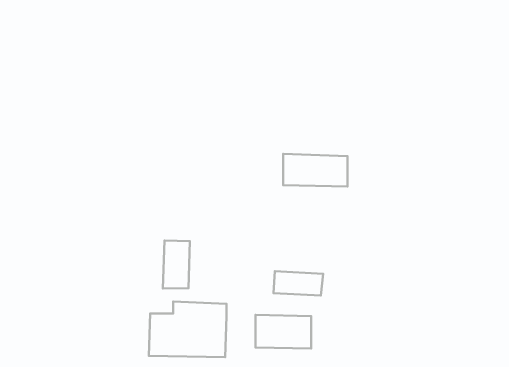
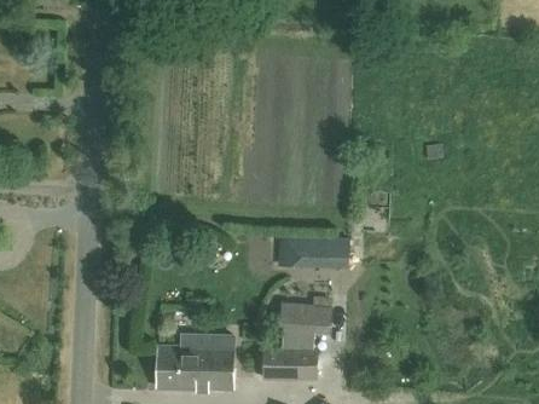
building: [283,154,347,186] -> [283,238,347,271]
building: [163,241,190,289] -> none

